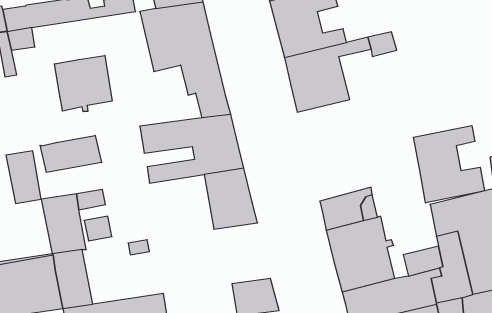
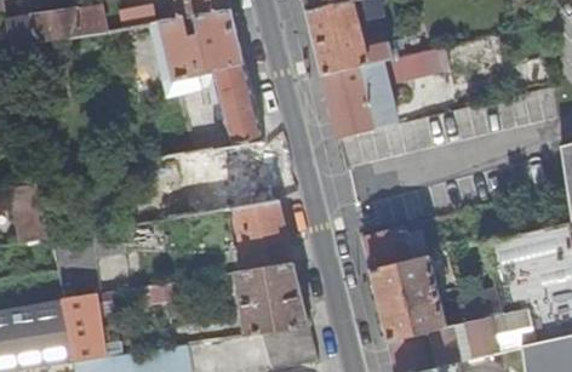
building: [55,55,112,112] -> none
building: [413,126,485,203] -> none
building: [40,135,102,172] -> none
building: none -> [236,263,308,334]

